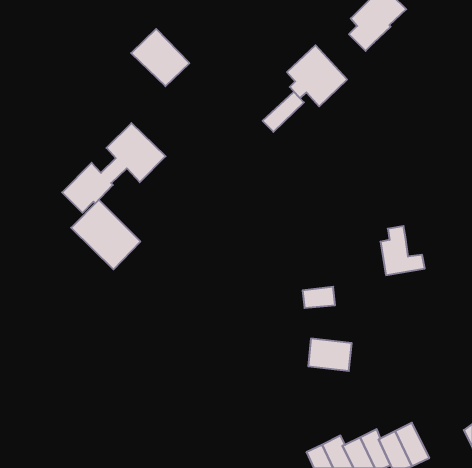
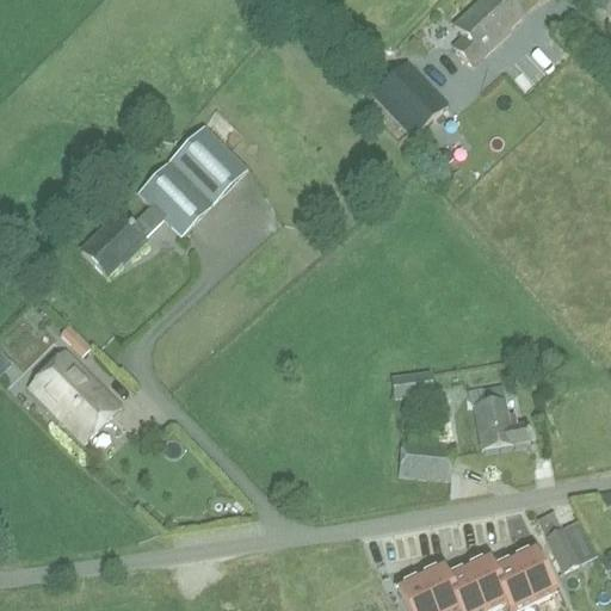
building: [131,29,189,86] -> [171,128,246,202]
building: [263,92,304,132] -> none
building: [71,200,140,269] -> [30,350,119,439]
building: [380,226,425,275] -> [474,384,531,448]
building: none -> [545,527,580,570]

